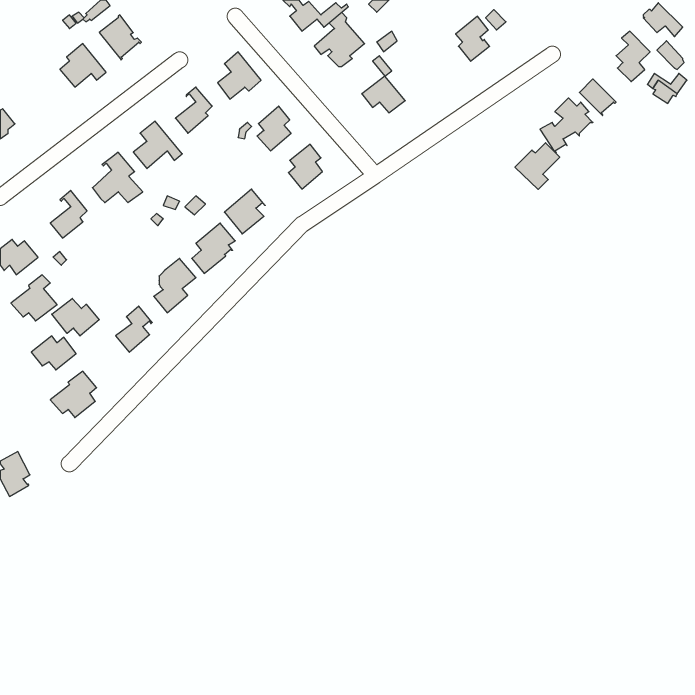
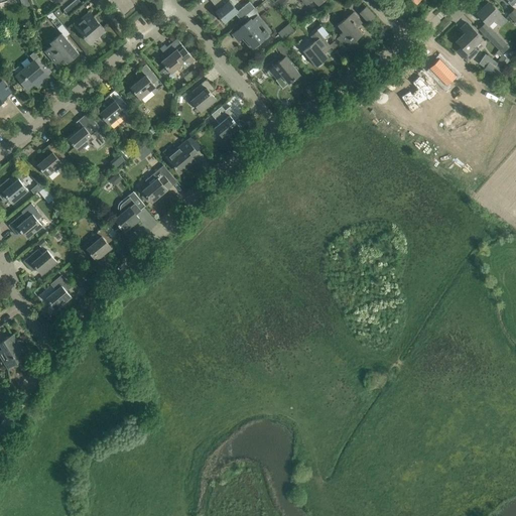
building: none -> [302,27,331,67]
building: none -> [14,57,51,89]
building: [515,143,560,189] -> none
building: [52,298,99,336] -> none

